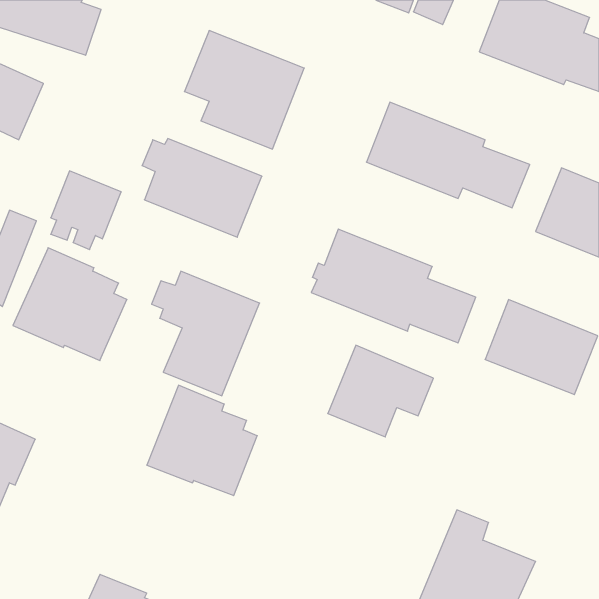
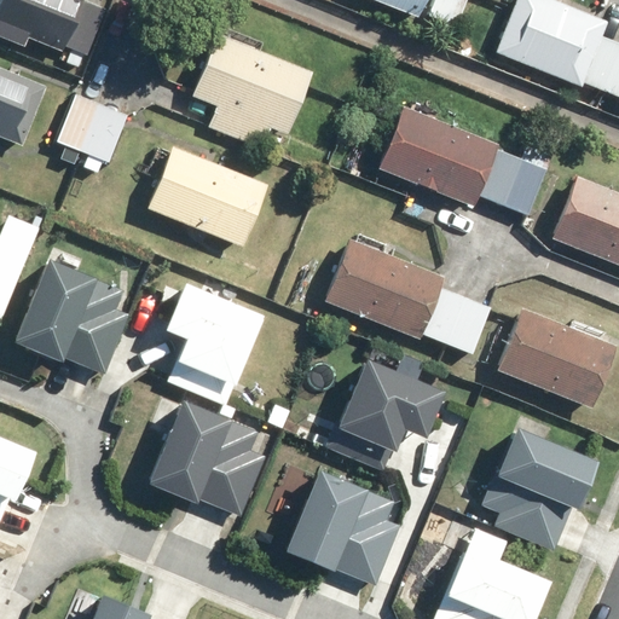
building: [51,171,121,250] -> [57,94,129,175]
building: none -> [479,417,598,554]
building: none -> [287,469,399,585]

